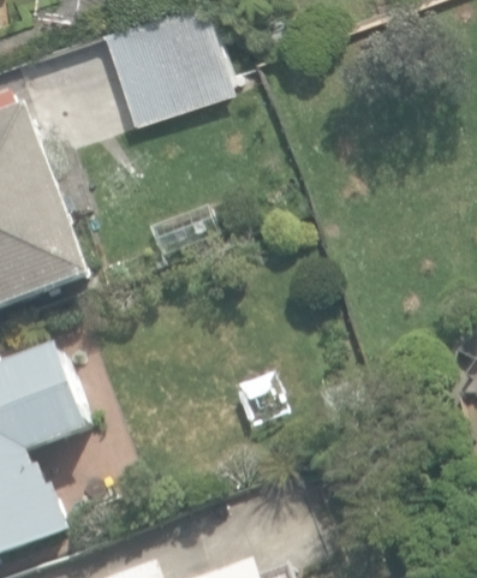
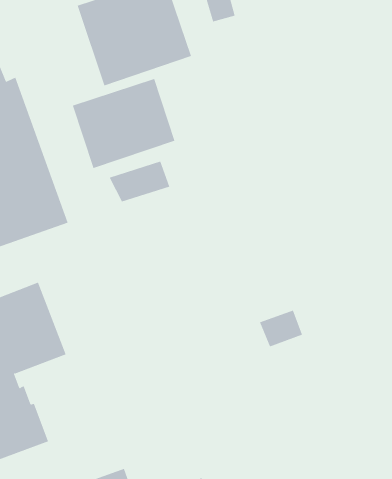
building: none -> [72,78,175,169]

